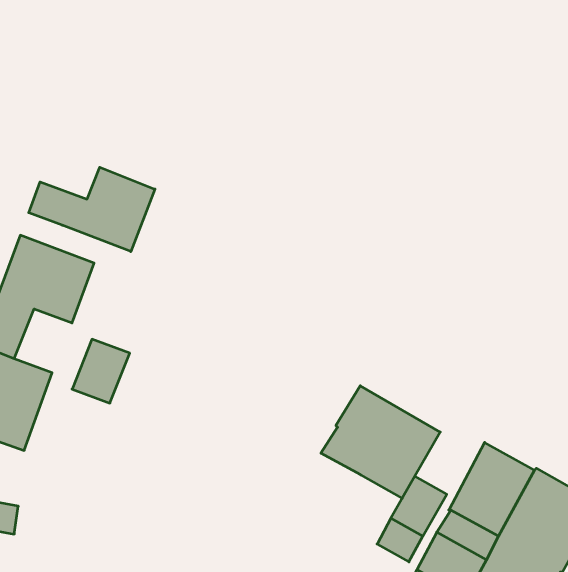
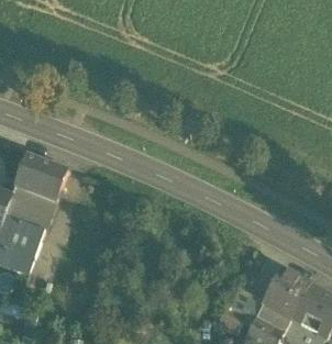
building: [29,167,155,252] -> none
building: [72,339,130,403] -> [22,195,54,230]
building: [321,386,440,498] -> none

